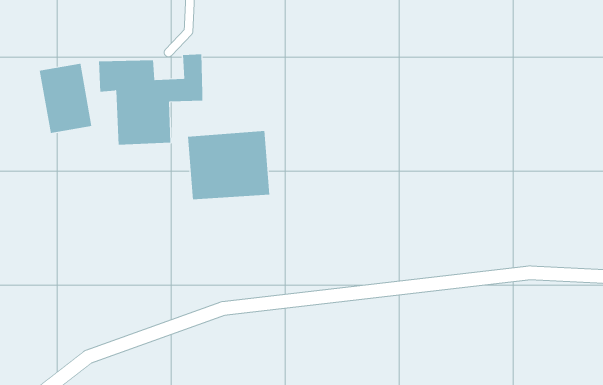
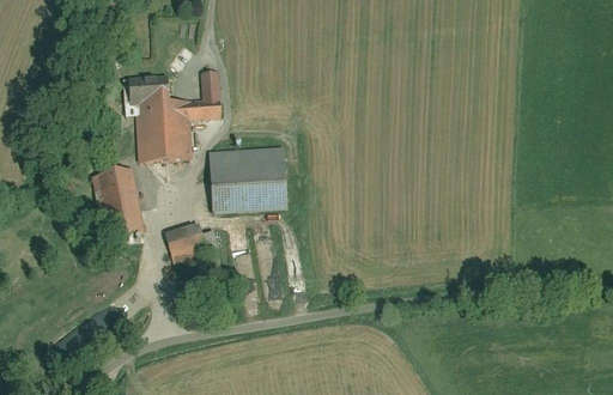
building: [39,63,92,134] -> [92,170,144,238]
building: none -> [166,224,207,259]

